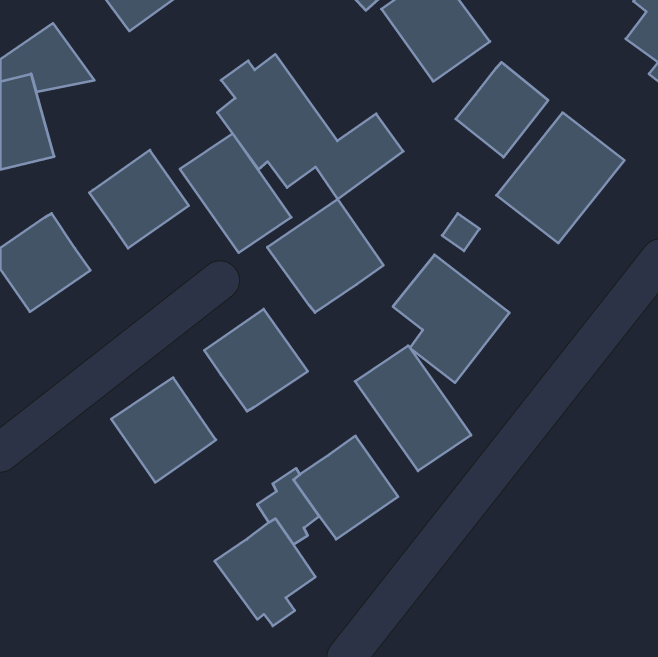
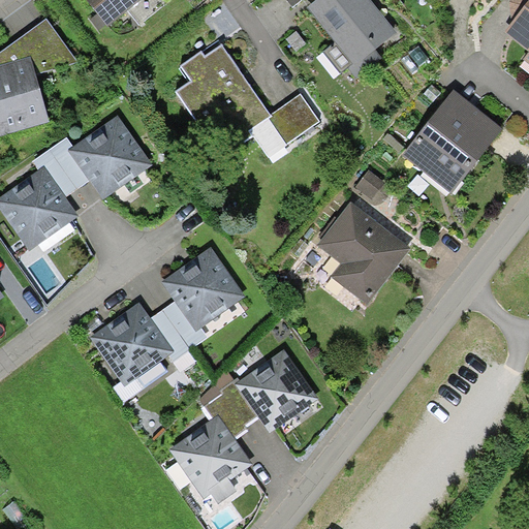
building: [456,62,548,157] -> none
building: [180,134,291,253] -> none
building: none -> [29,136,91,198]
building: [267,199,383,313] -> none
building: [355,346,471,471] -> none
building: none -> [152,300,211,361]

